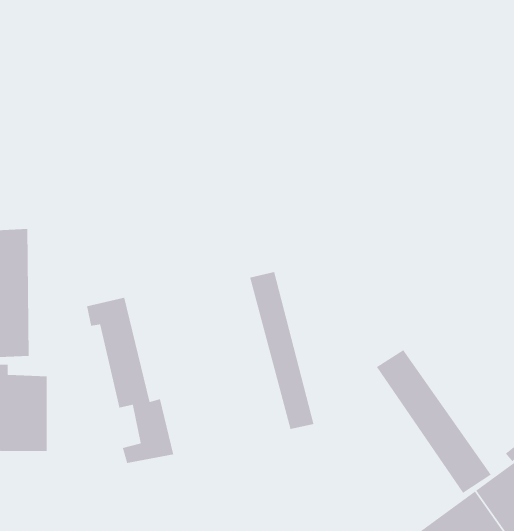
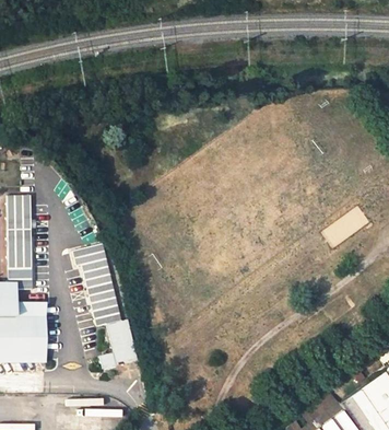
building: [249,271,315,430] -> none
building: [376,349,492,494] -> none

